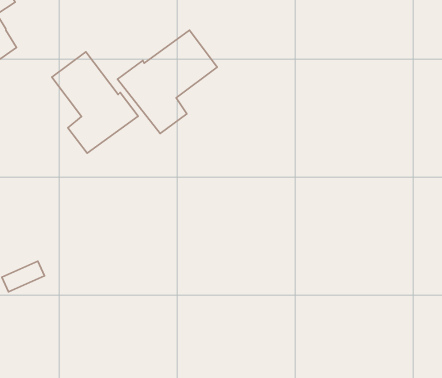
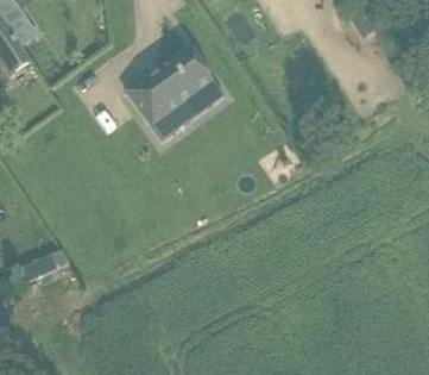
building: [52,52,138,153] -> none

